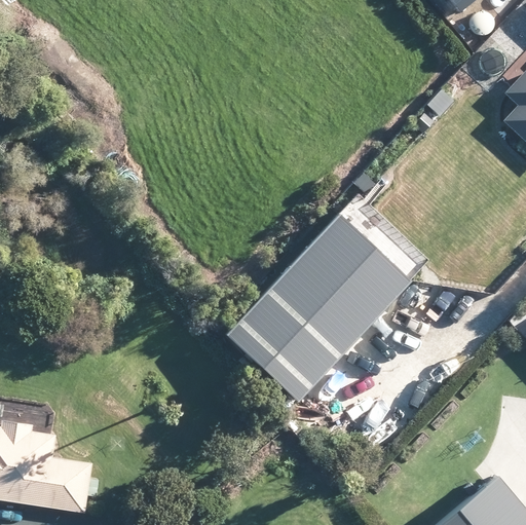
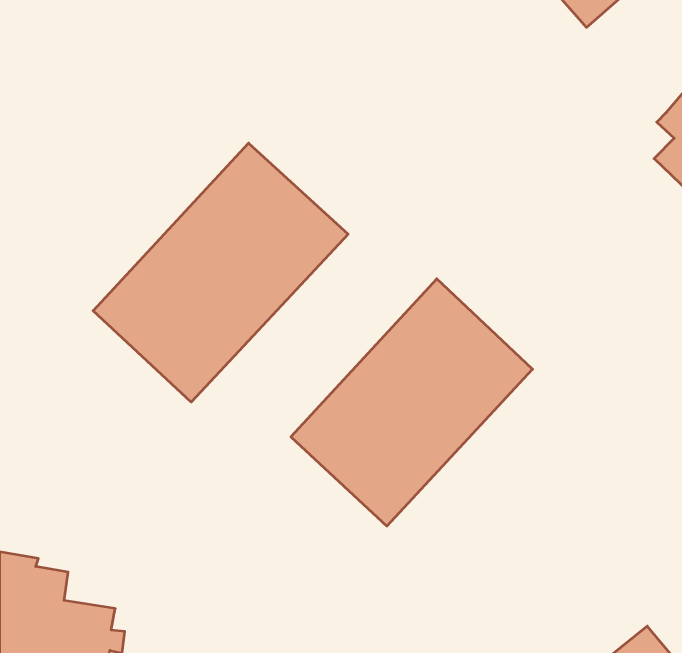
building: none -> [93,143,348,402]

